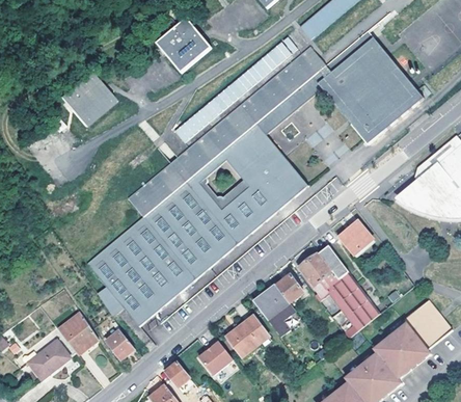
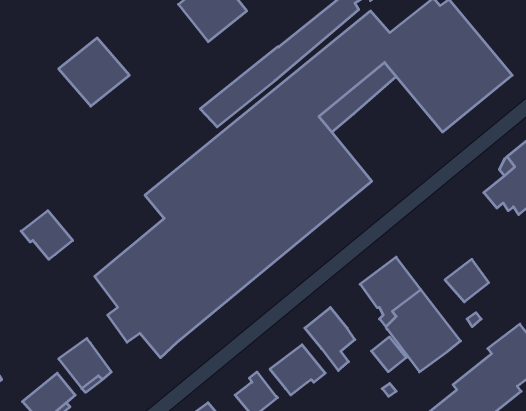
building: none -> [21,211,73,259]
building: [338,221,374,256] -> [445,259,489,302]
building: [276,275,304,303] -> [371,337,406,372]
building: [107,331,135,360] -> none

